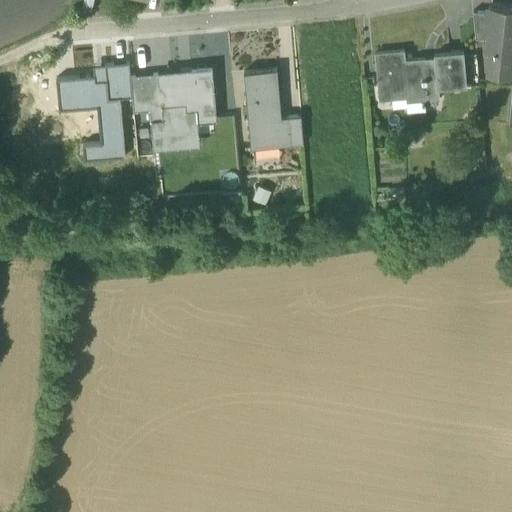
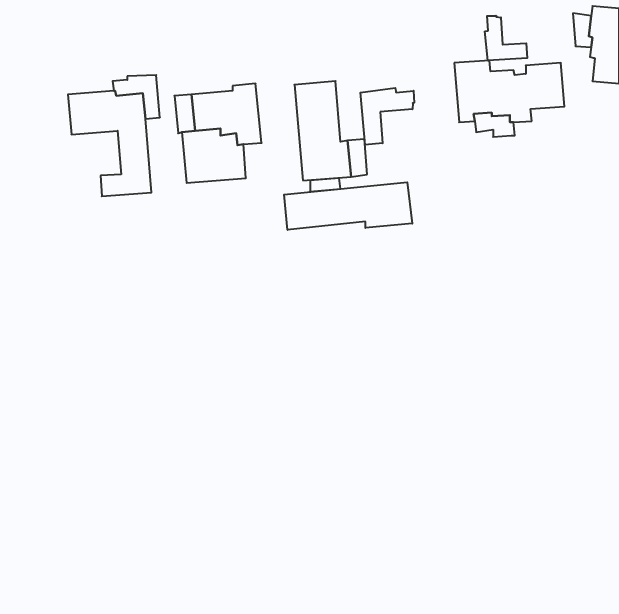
building: none -> [485,16,527,61]
building: none -> [360,88,414,145]
building: none -> [284,182,412,230]

